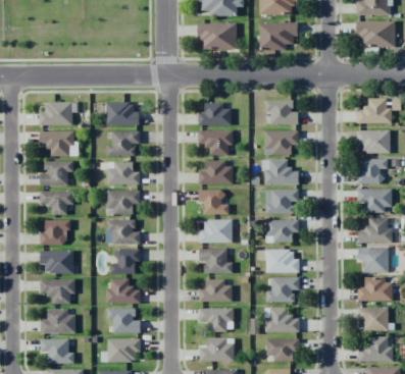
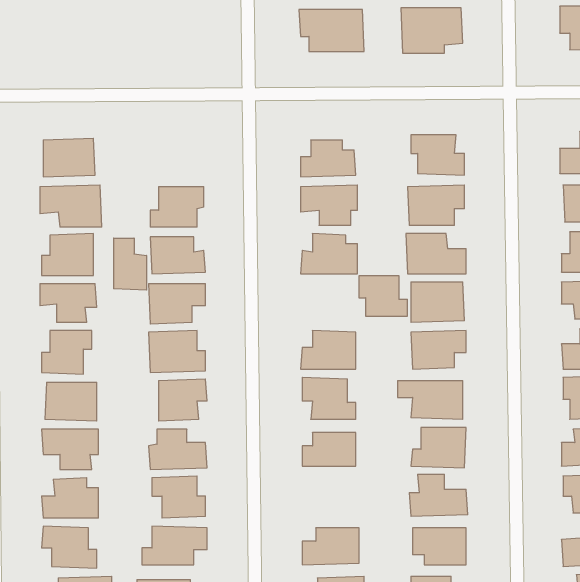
building: [106,103,140,125] -> none
building: none -> [114,238,146,290]
building: [199,190,229,214] -> [359,276,407,316]
building: [199,308,233,332] -> none

